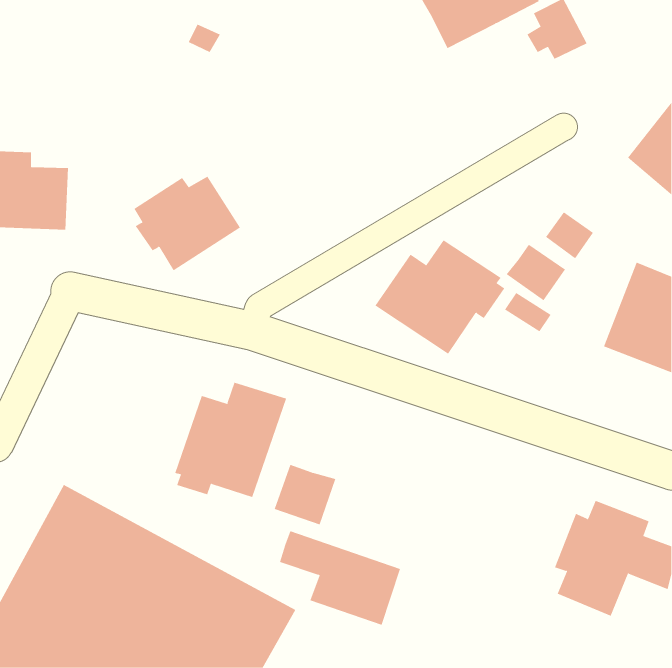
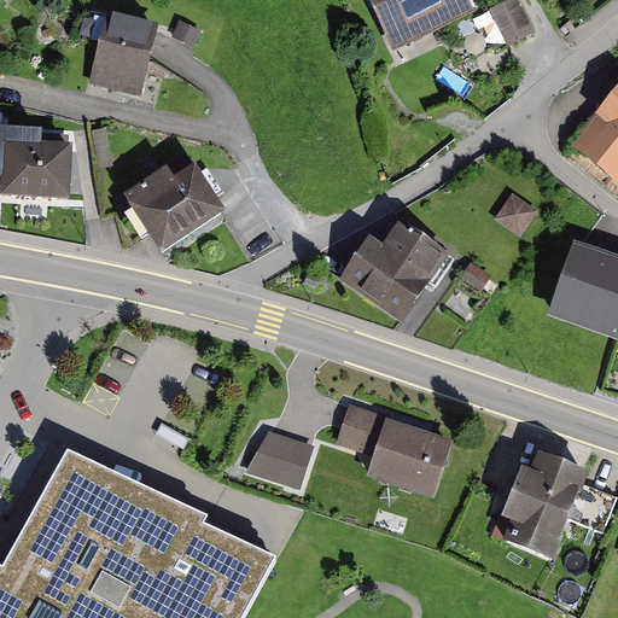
building: none -> [99,18,168,100]
building: [506,244,566,301] -> none
building: [175,382,287,498] -> none
building: [279,530,401,626] -> [337,403,448,490]

